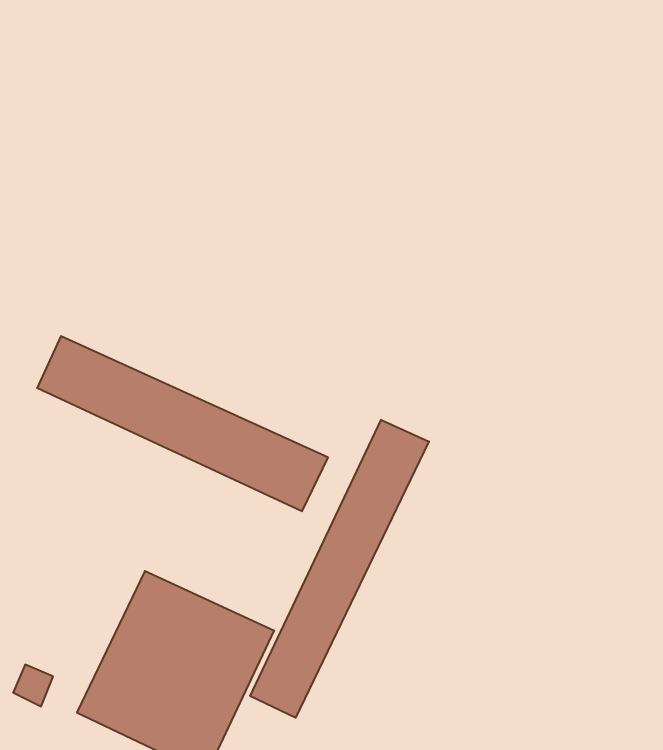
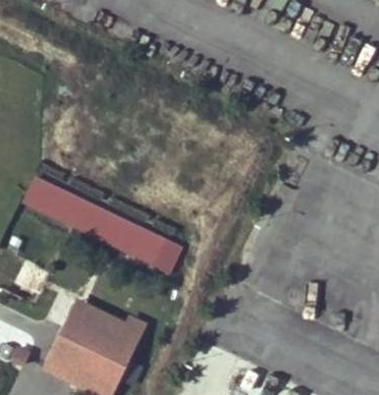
building: [250,420,429,718] -> none

